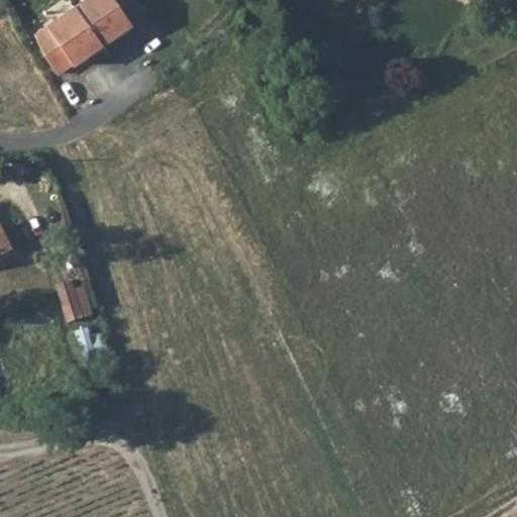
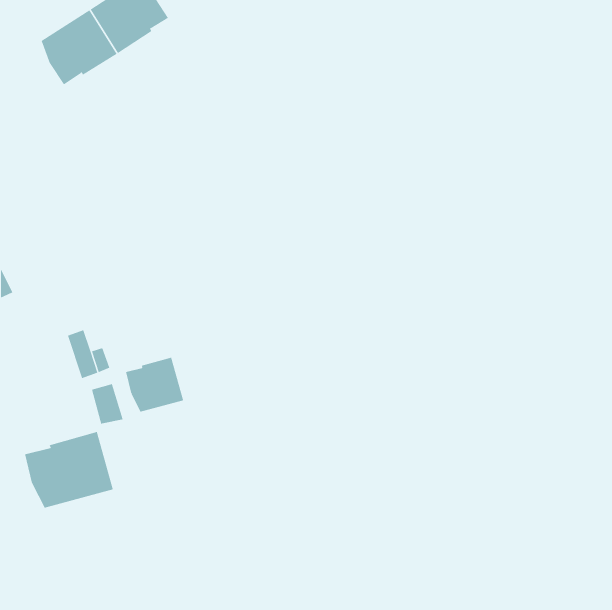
building: none -> [126,357,184,412]
building: none -> [24,431,113,508]

